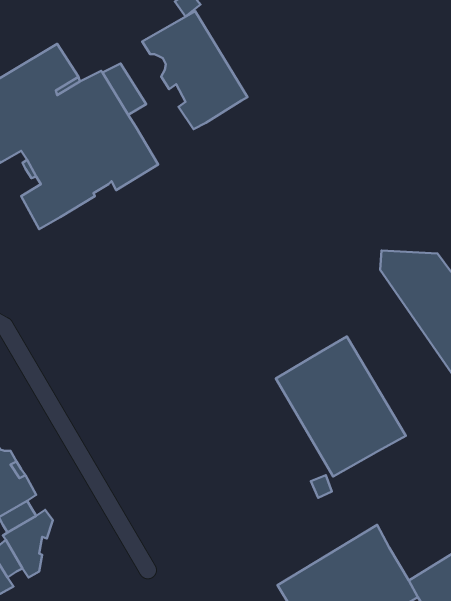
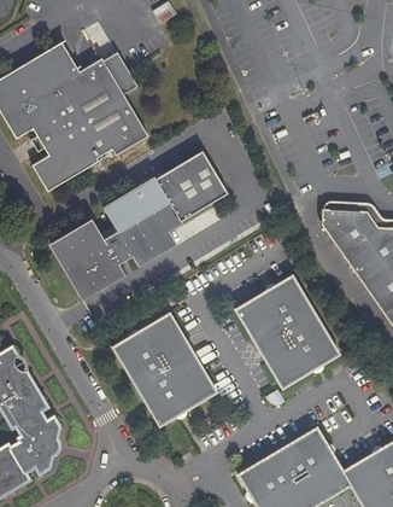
building: [142,11,247,129] -> none
building: none -> [54,151,230,296]
building: none -> [115,314,218,426]

